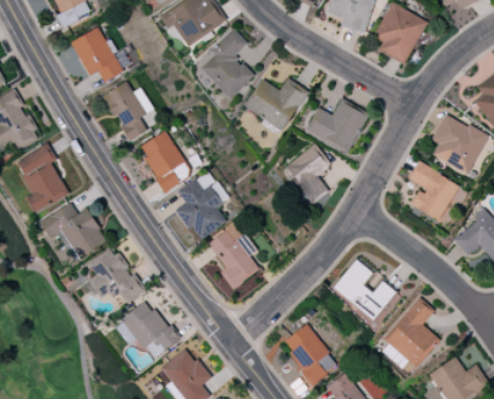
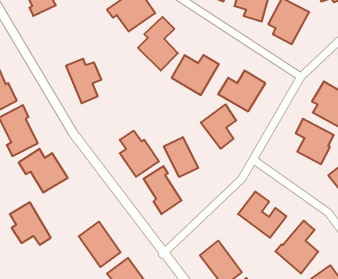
building: [71,28,122,82] -> none
building: [139,131,192,192] -> none
building: none -> [164,137,198,177]
building: [87,246,141,303] -> [10,202,51,245]

